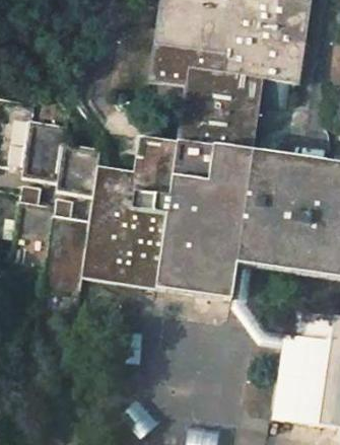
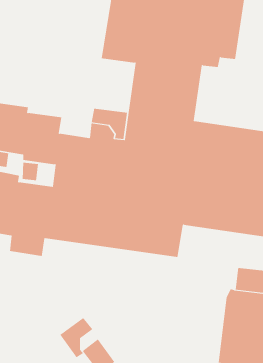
building: none -> [59,317,93,358]

